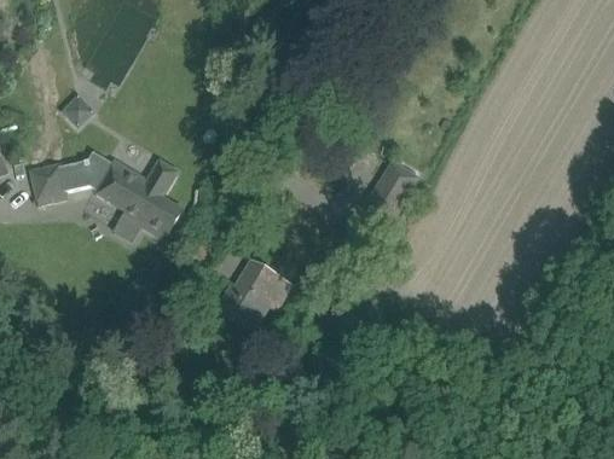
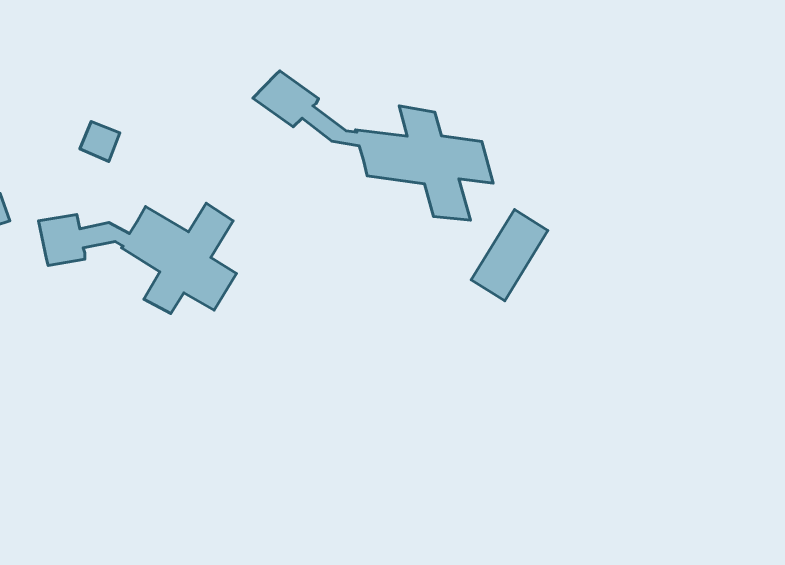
building: none -> [253,71,493,220]
building: [216,261,289,327] -> none

